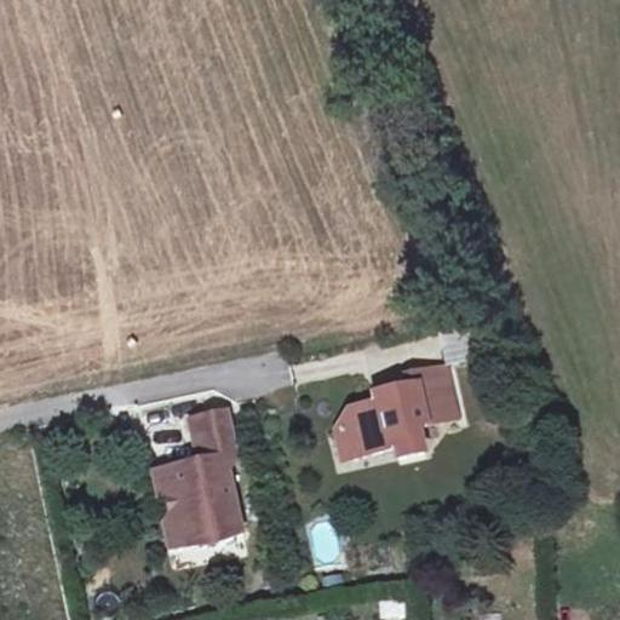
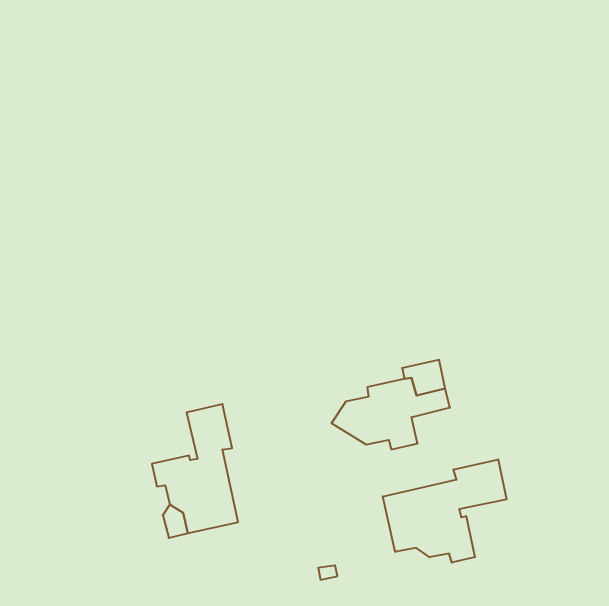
building: none -> [383,459,507,563]

